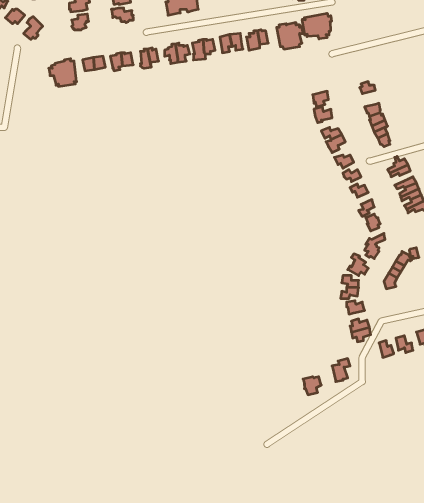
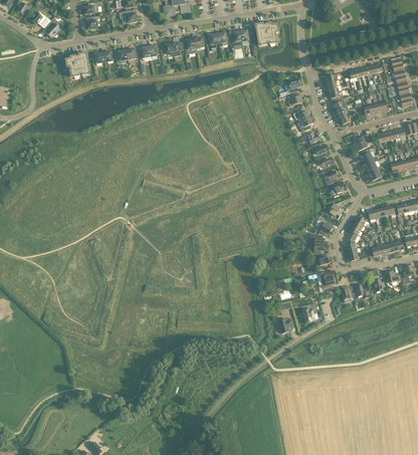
building: [302,13,331,39] -> none

